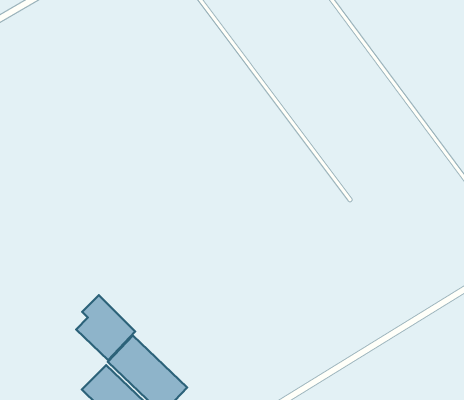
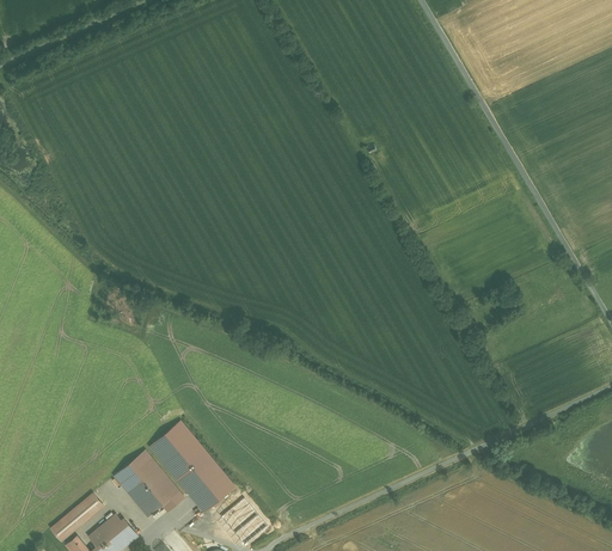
building: [76,295,135,360] -> none

